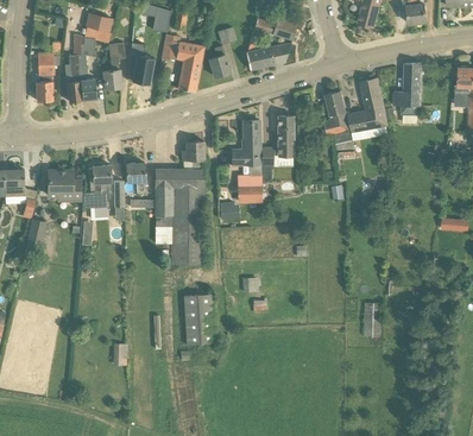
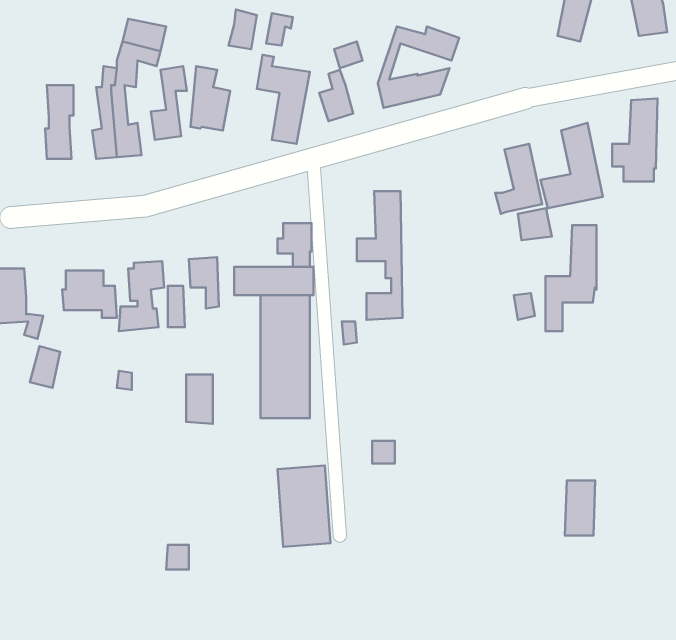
building: [260,115,292,182] -> [546,225,597,331]
building: [154,185,171,216] -> [186,375,213,424]

